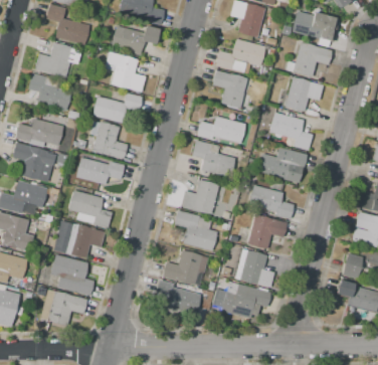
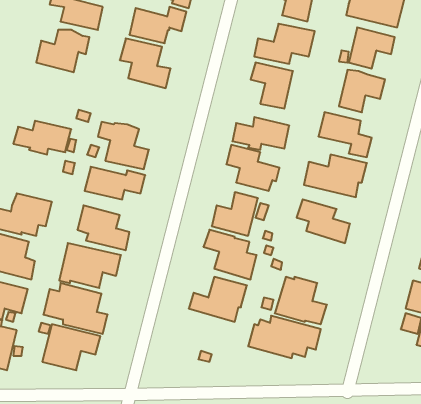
building: [28,73,71,113] -> none
building: [91,93,143,125] -> none
building: [13,143,55,183] -> none
building: [247,214,287,250] -> none
building: [156,280,201,316] -> none

